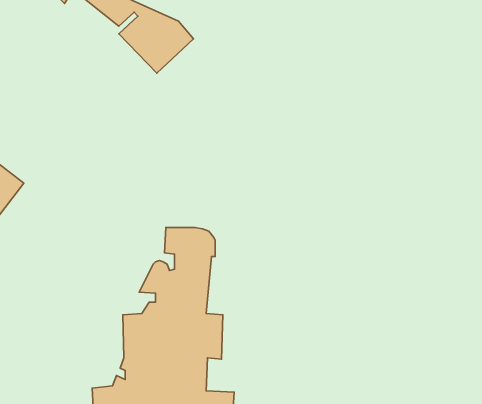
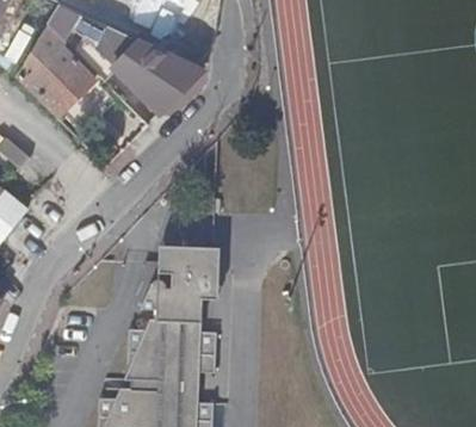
building: none -> [27,44,94,113]

